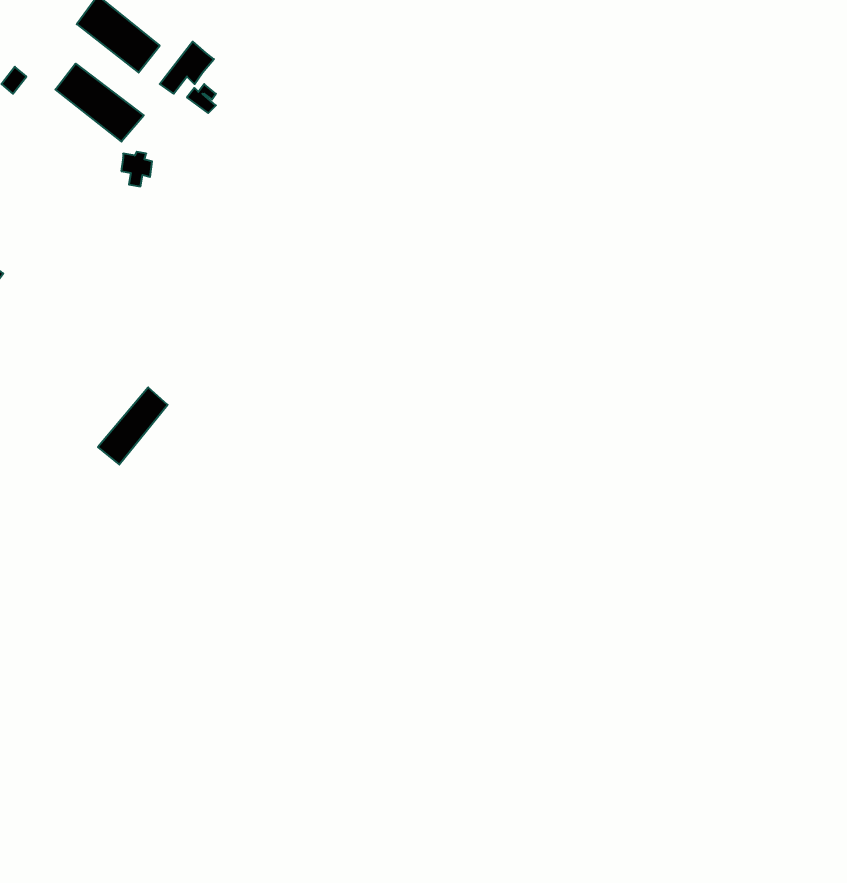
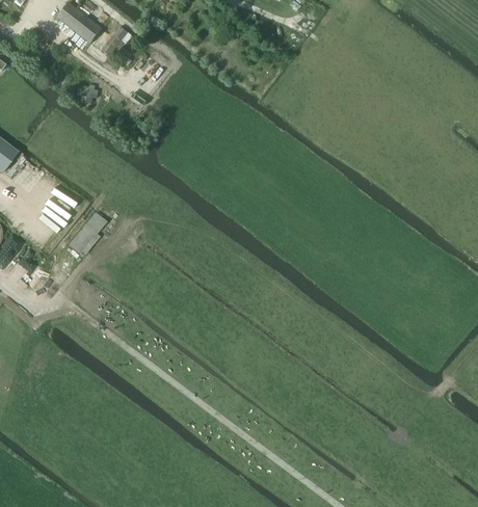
building: [55,64,144,142] -> none

